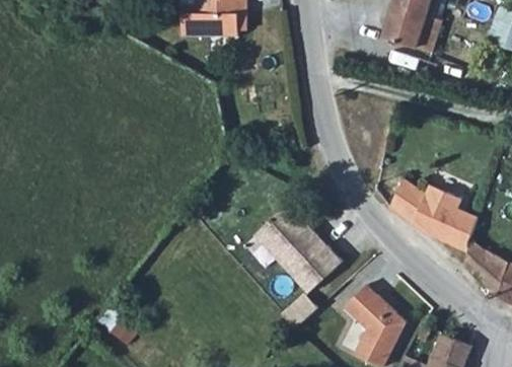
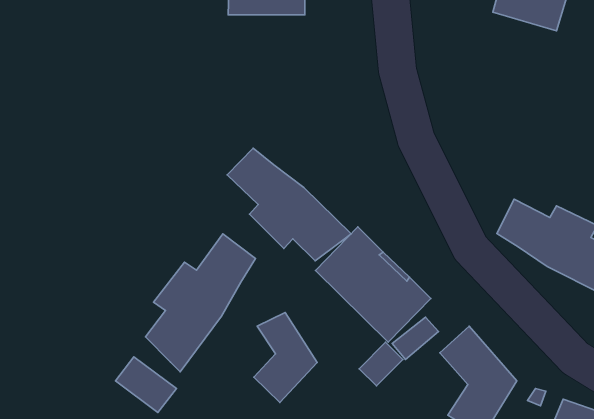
building: none -> [227,148,351,261]
building: none -> [146,234,255,372]
building: none -> [254,312,317,402]

